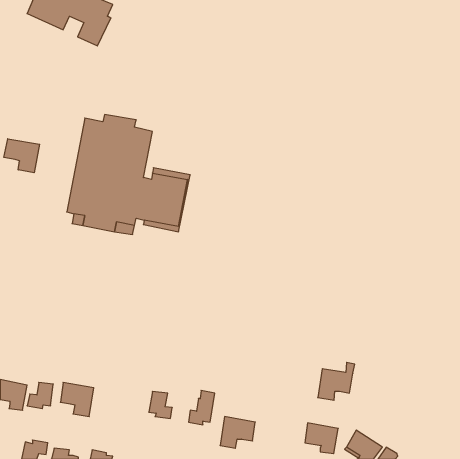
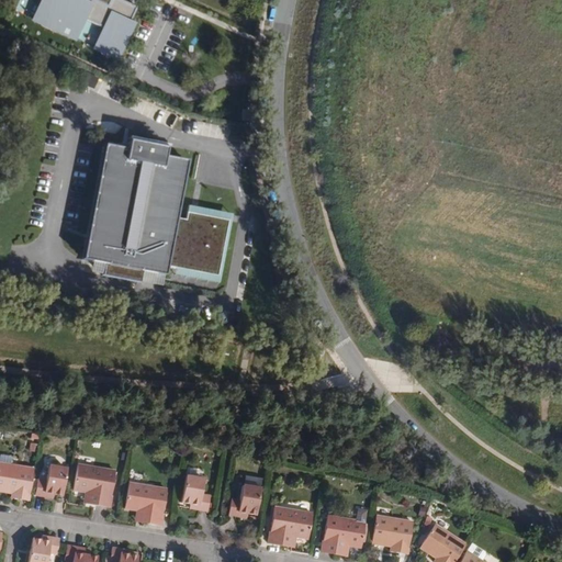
building: [4,139,40,173] -> none
building: [318,362,355,400] -> [323,508,368,554]
building: none -> [126,483,168,524]

